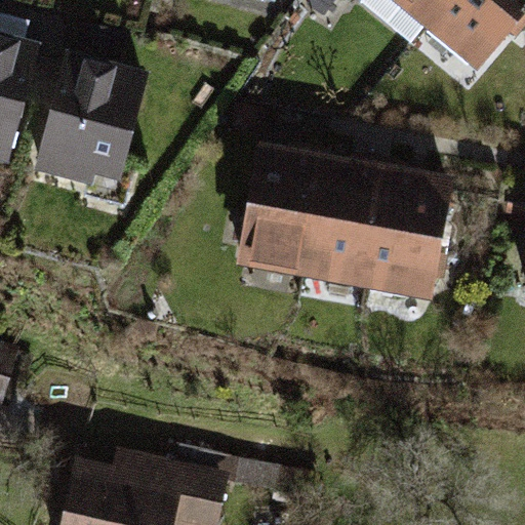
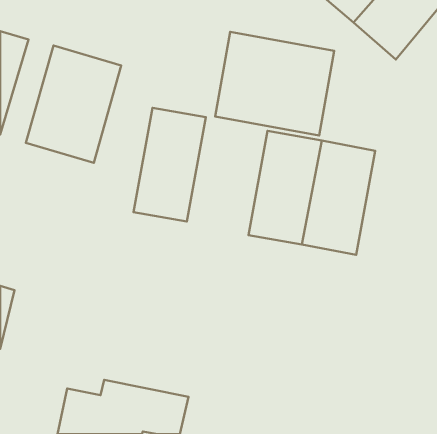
building: none -> [215,32,334,135]
building: [236,145,322,280] -> [133,108,206,221]

